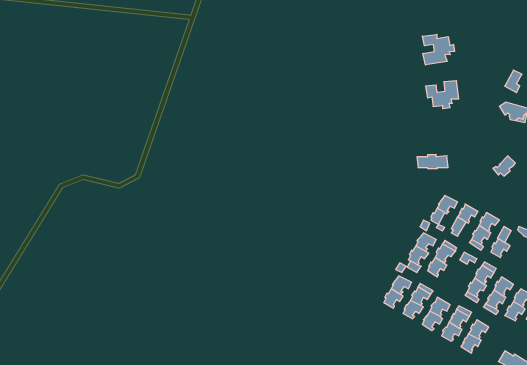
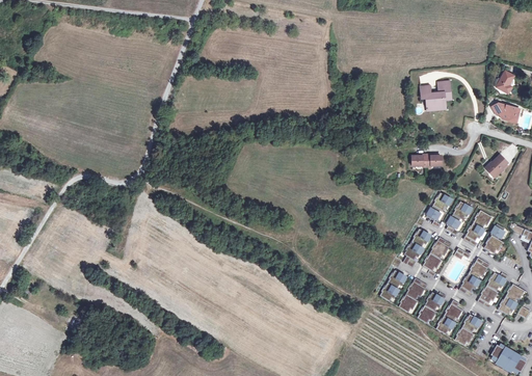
building: [422,34,454,65] -> none

